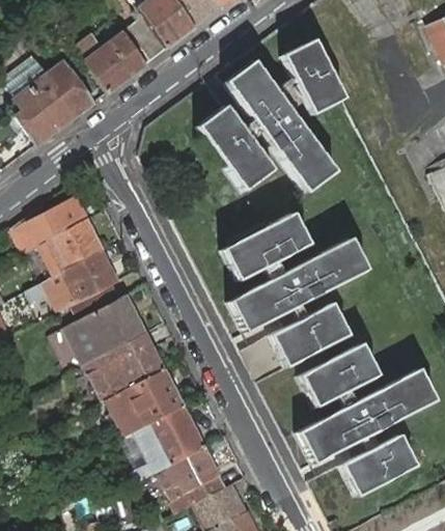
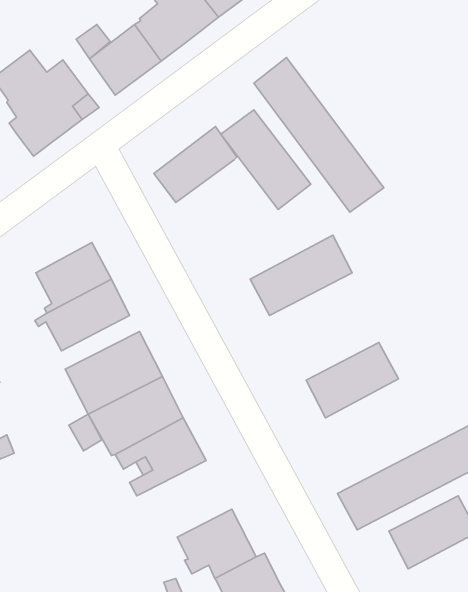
building: [283,39,345,115] -> none
building: none -> [154,127,237,202]
building: [15,198,87,251] -> none
building: [229,239,368,333] -> none
building: [300,343,379,408] -> none
building: [133,404,207,480] -> none

